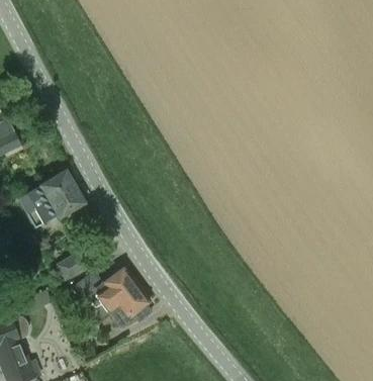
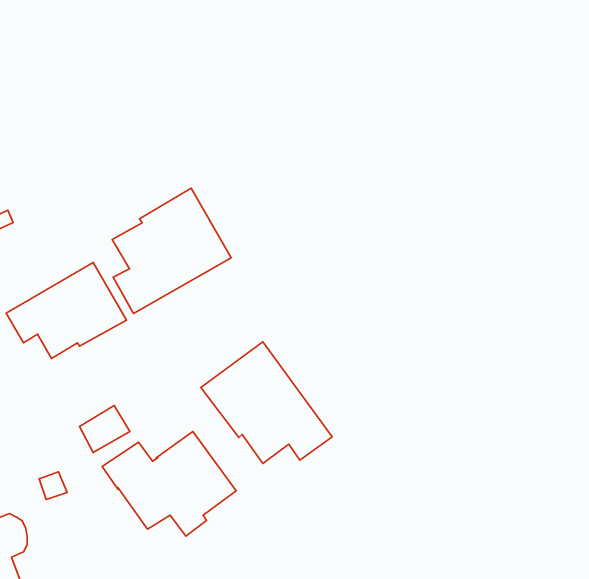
building: none -> [112,188,231,314]
building: none -> [201,342,332,464]

